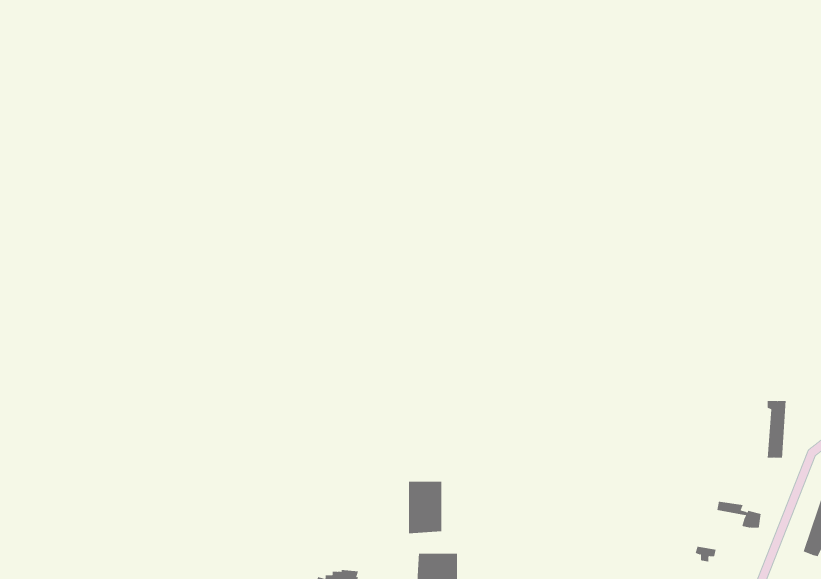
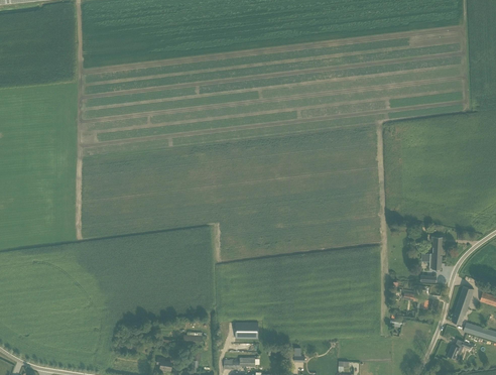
building: [408,481,442,534] -> none

